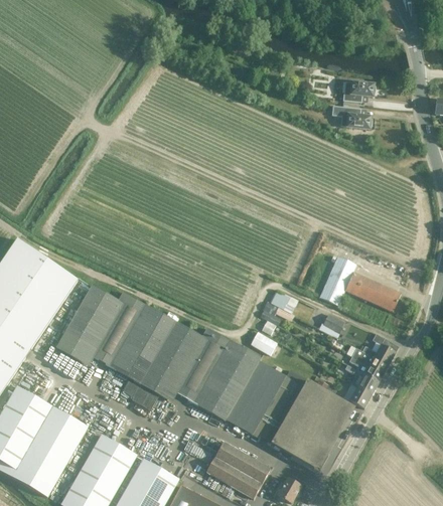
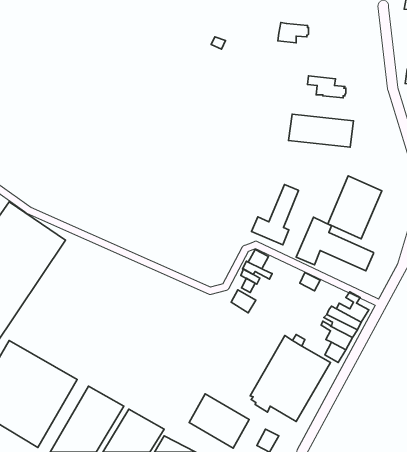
building: [342,81,375,103] -> [278,23,309,43]
building: none -> [289,114,354,147]
building: none -> [328,176,382,239]
building: none -> [251,184,299,245]
building: [56,285,292,438] -> none

